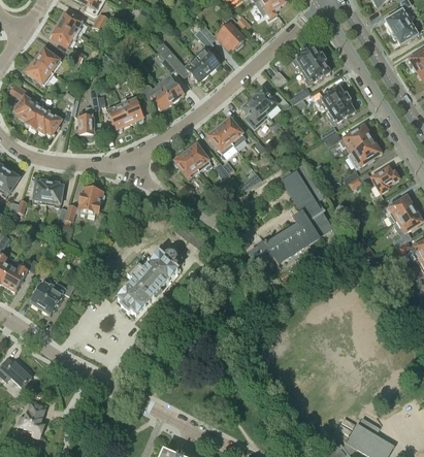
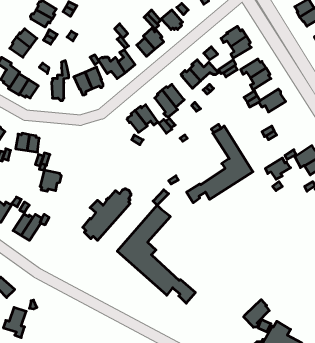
building: [352,139,382,168] -> none
building: [367,166,399,193] -> [265,158,291,179]
building: [78,187,105,214] -> [40,170,61,191]
building: none -> [117,205,195,303]
building: none -> [244,300,269,327]

